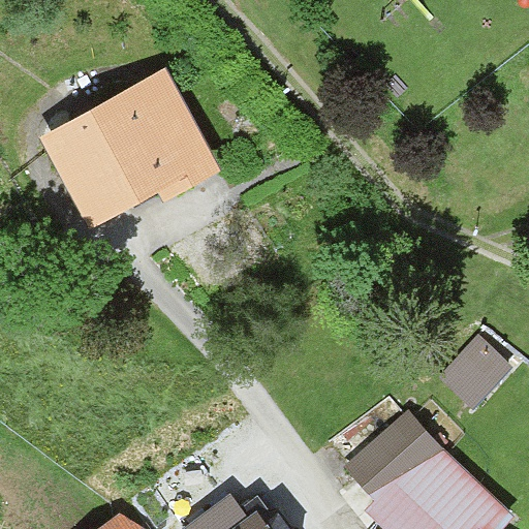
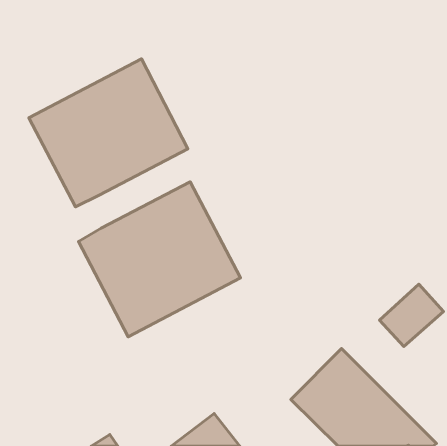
building: none -> [78,182,241,337]

